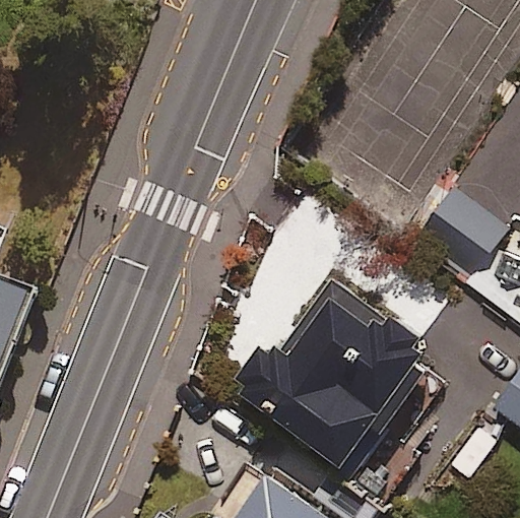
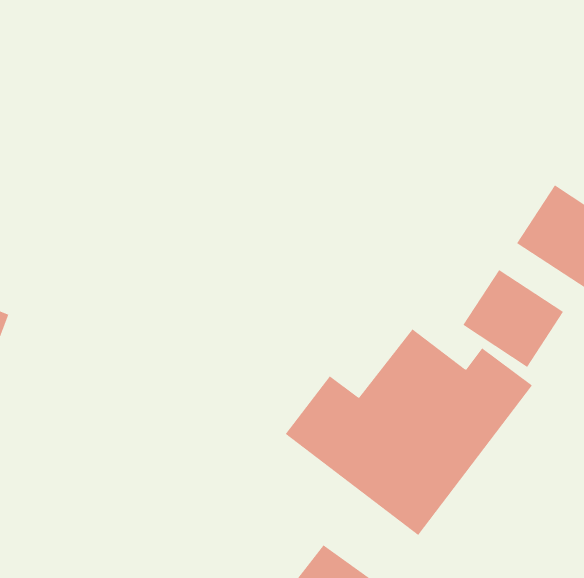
building: none -> [462,269,564,368]

